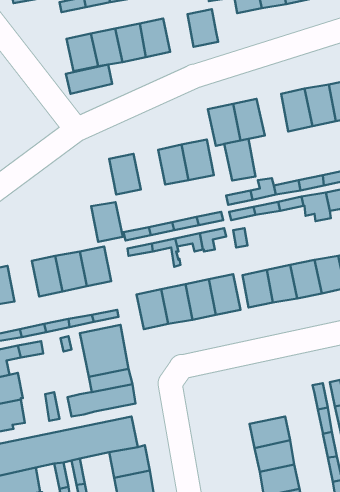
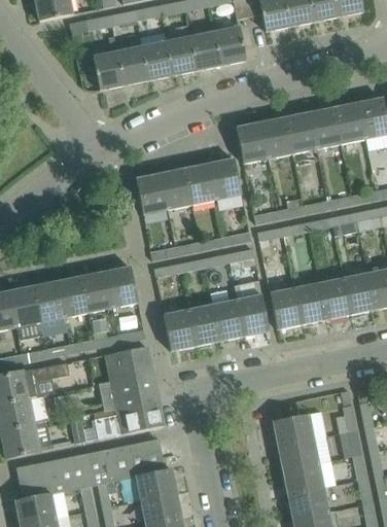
building: none -> [190,32,221,70]
building: [66,65,112,94] -> none
building: [224,139,256,181] -> [285,112,317,154]
building: [91,202,123,242] -> [161,169,192,209]
building: none -> [33,281,65,322]
building: none -> [273,414,314,446]

